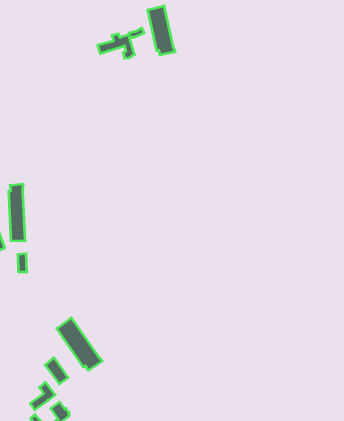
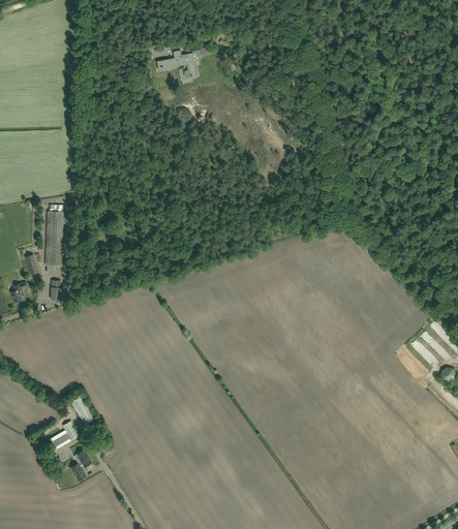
building: [148,6,175,55] -> none
building: [57,318,102,370] -> none

